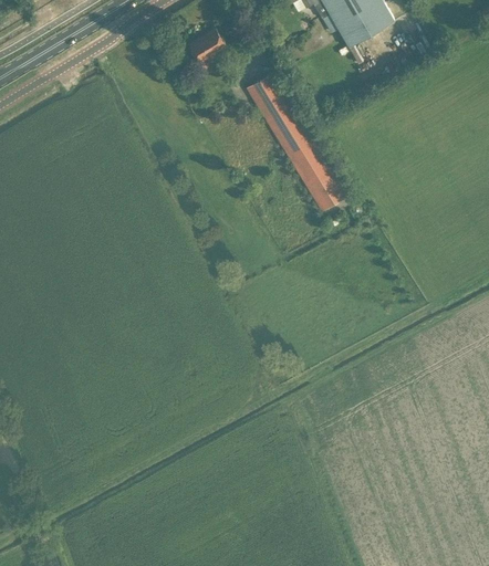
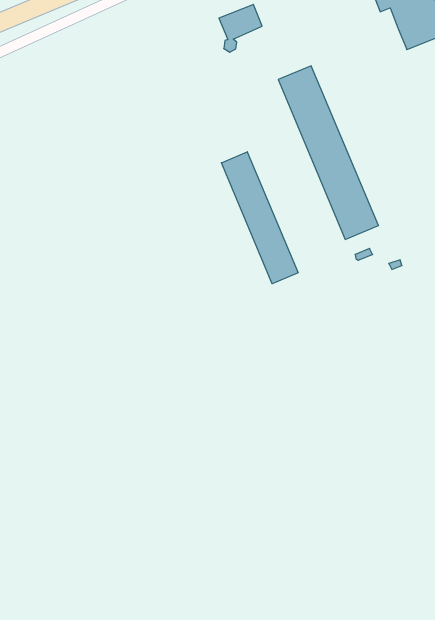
building: none -> [221,152,298,284]

